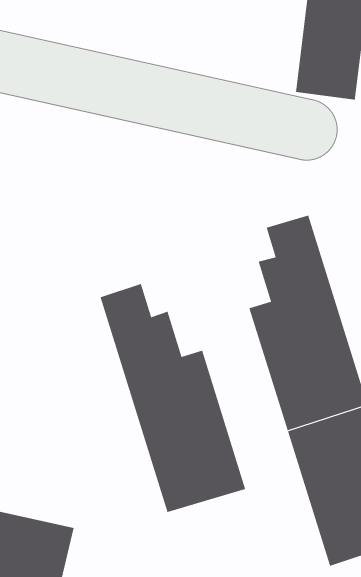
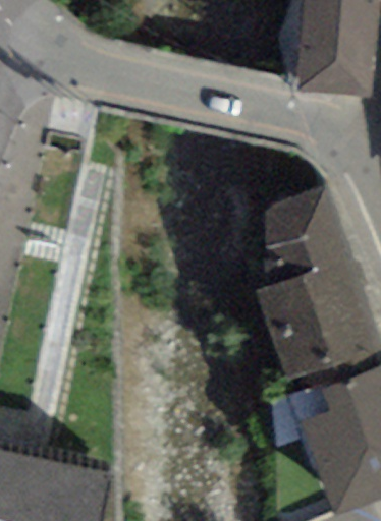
building: [100,283,246,513] -> none

